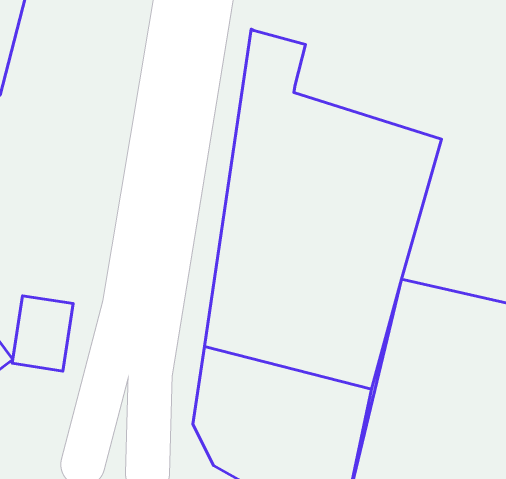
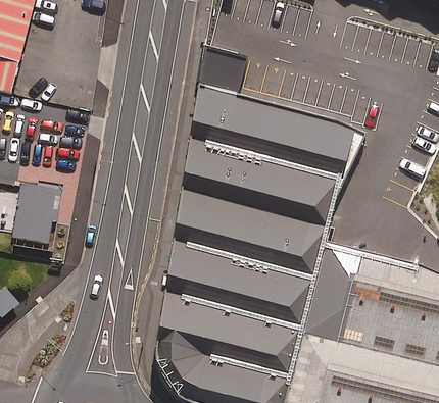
building: [12,296,73,371] -> [12,184,60,243]

